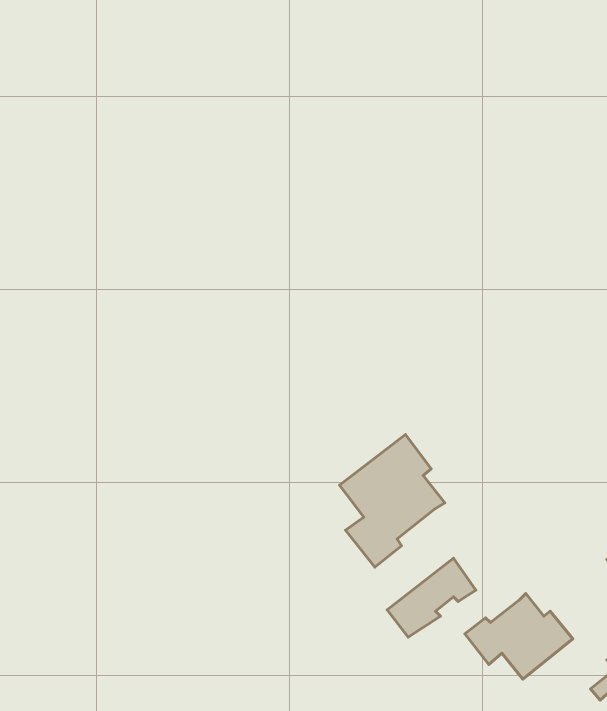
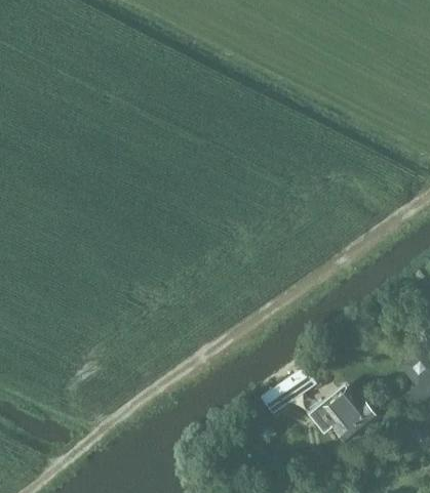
building: [339,435,445,567] -> none

